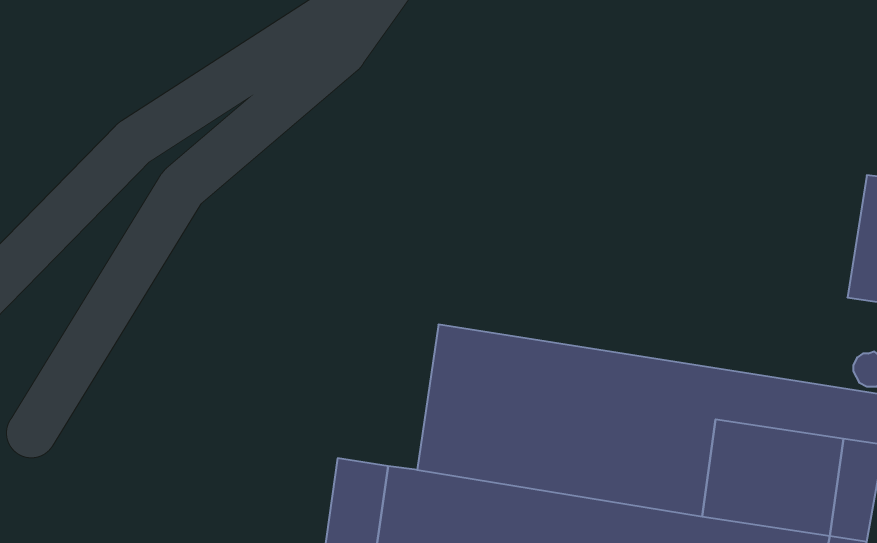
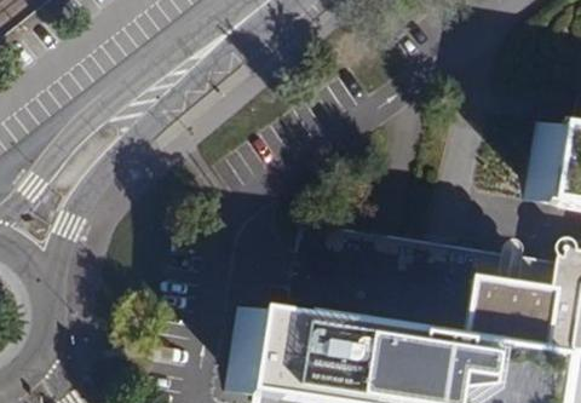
building: none -> [527,128,566,209]

